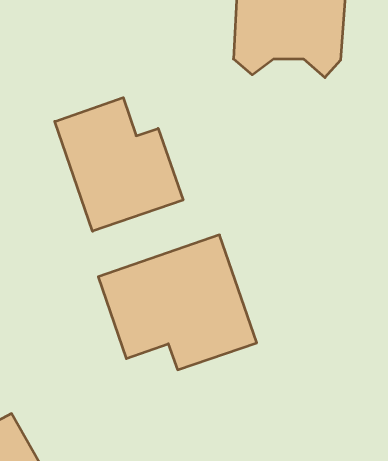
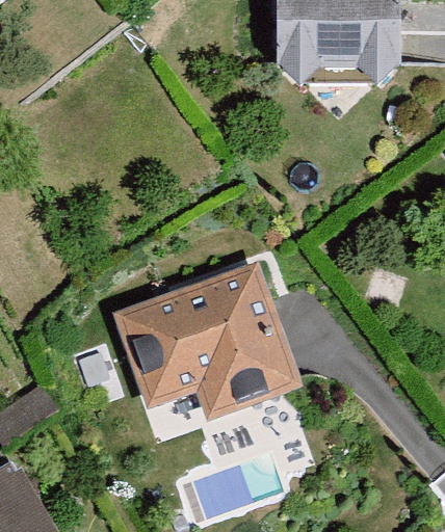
building: [55,98,183,231] -> none

